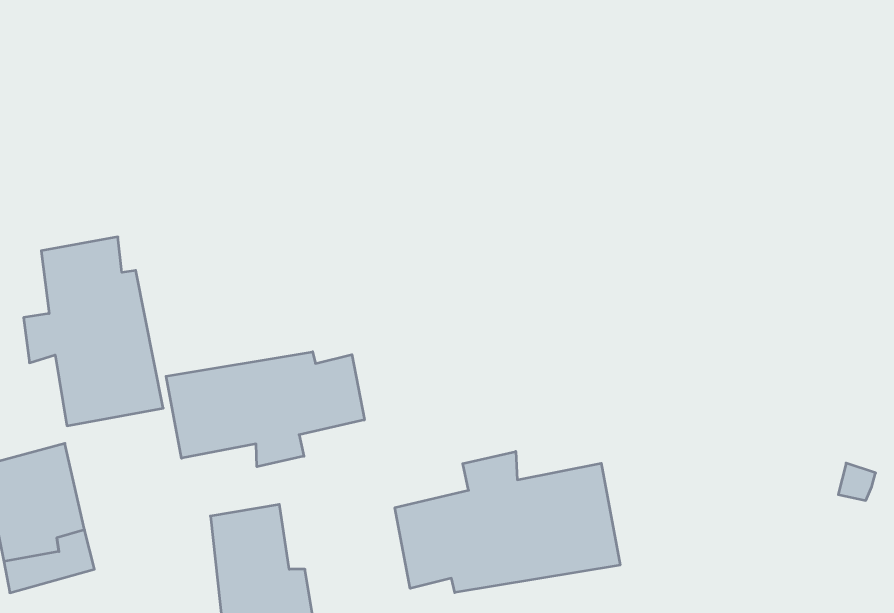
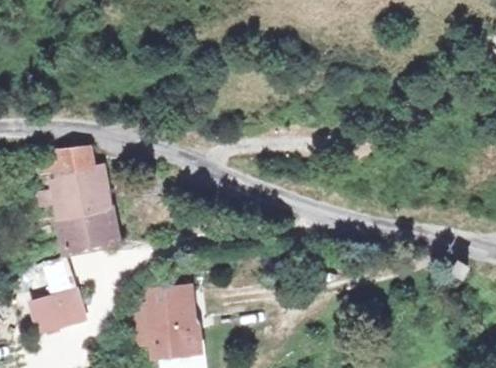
building: [166,352,364,467] -> none
building: [395,451,620,593] -> none

